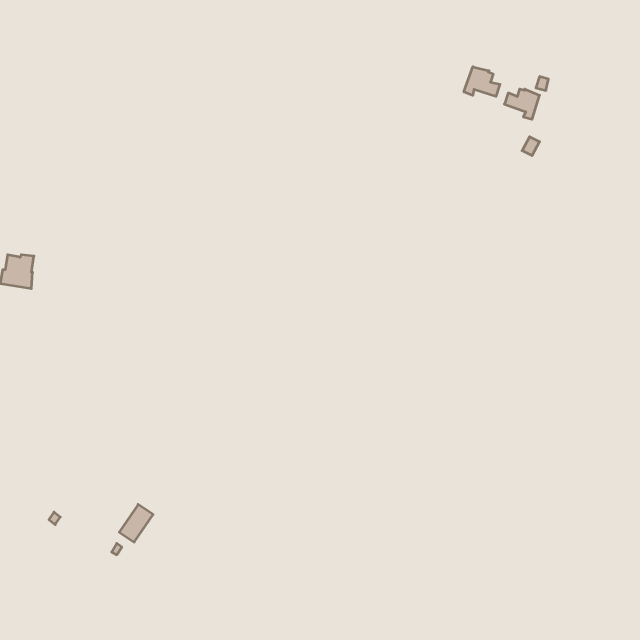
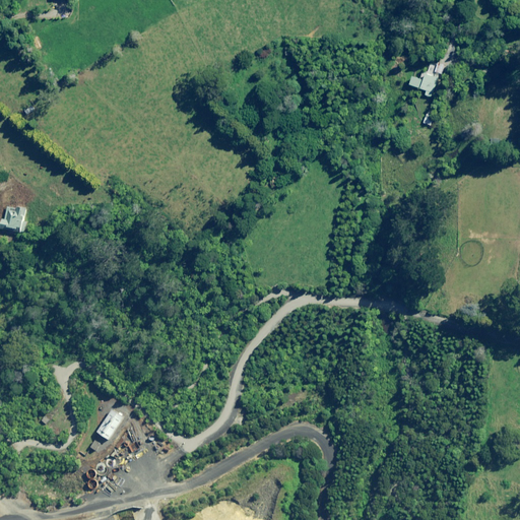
building: [464,67,500,96] -> none

